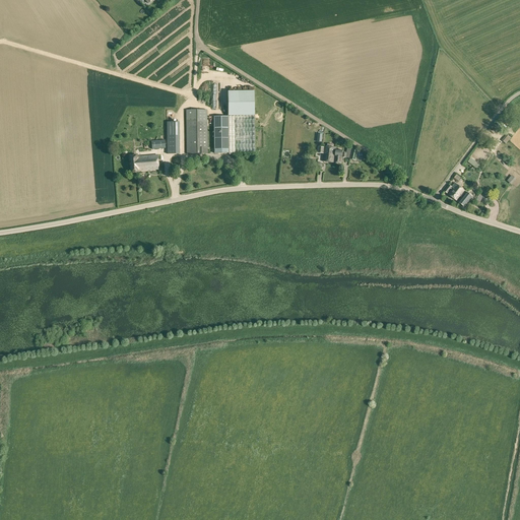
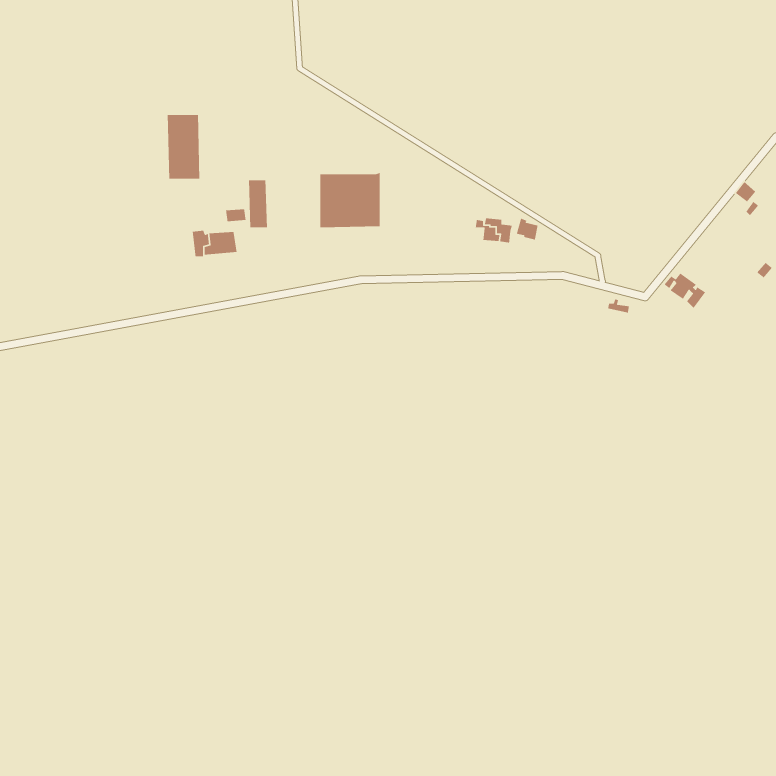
building: [226,90,251,116] -> none
building: [185,109,207,152] -> [167,114,200,180]

